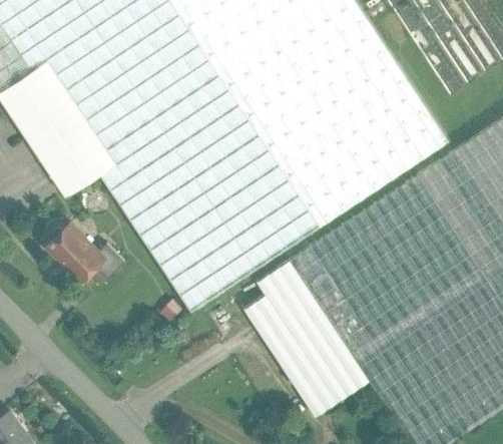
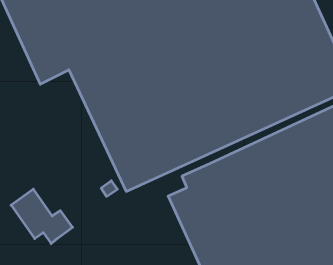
building: [45,221,124,285] -> [11,189,73,244]

